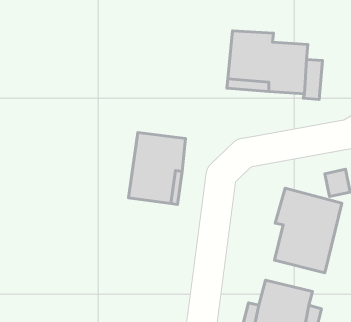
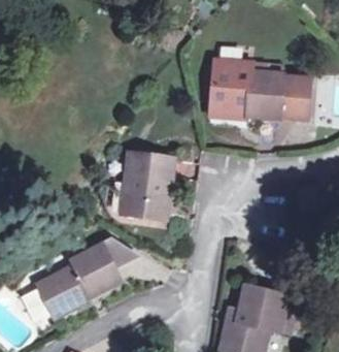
building: [275,188,342,273] -> none
building: none -> [36,237,135,317]

